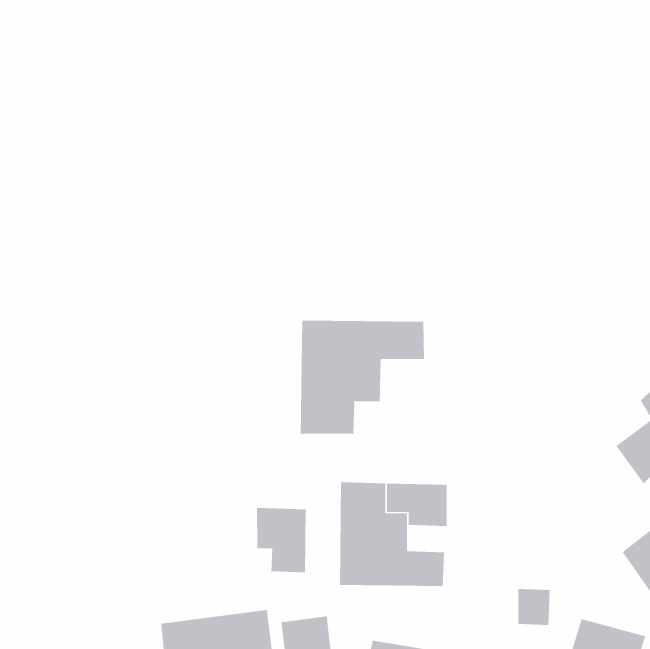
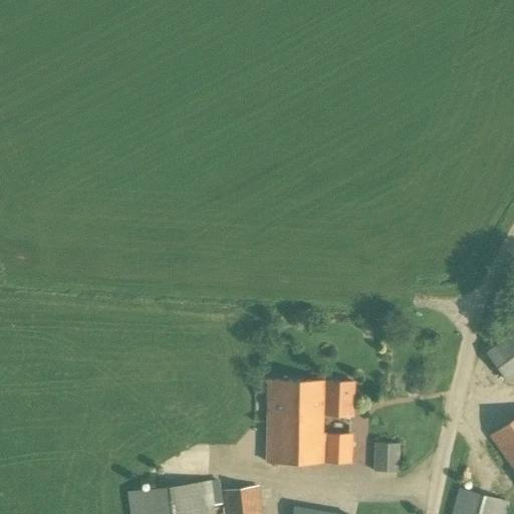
building: [300,320,424,434] -> none
building: [257,507,306,573] -> none
building: [517,588,551,625] -> [374,444,401,473]

